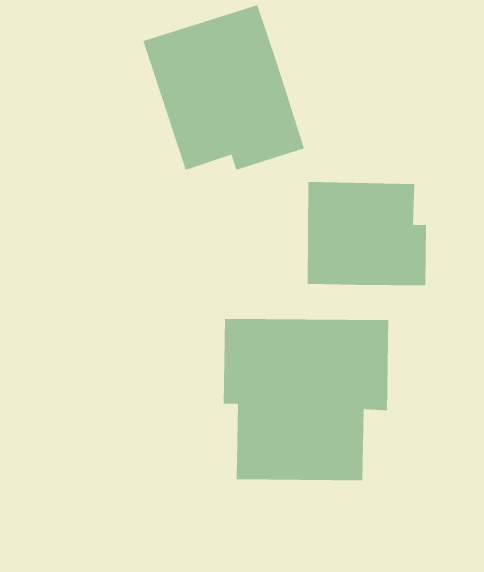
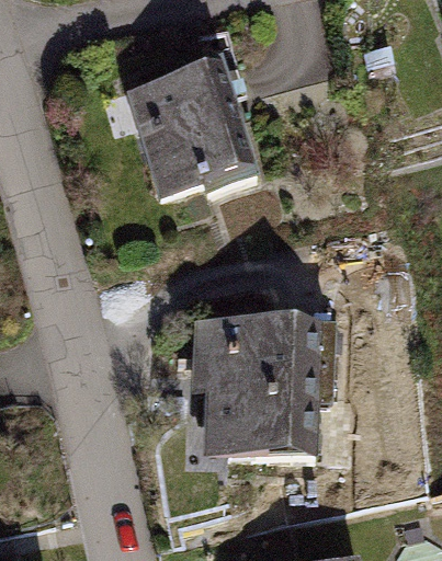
building: [307,181,426,286] -> none

